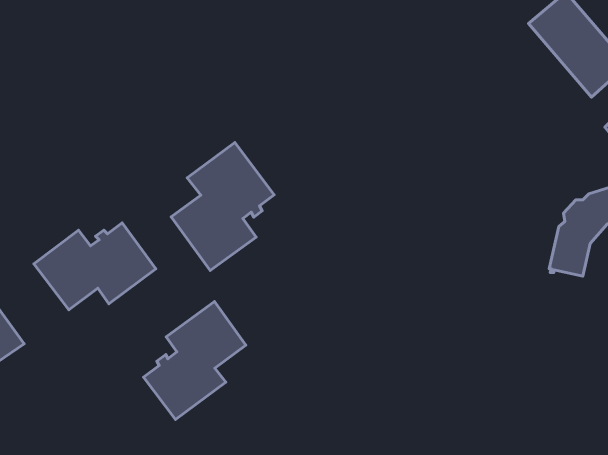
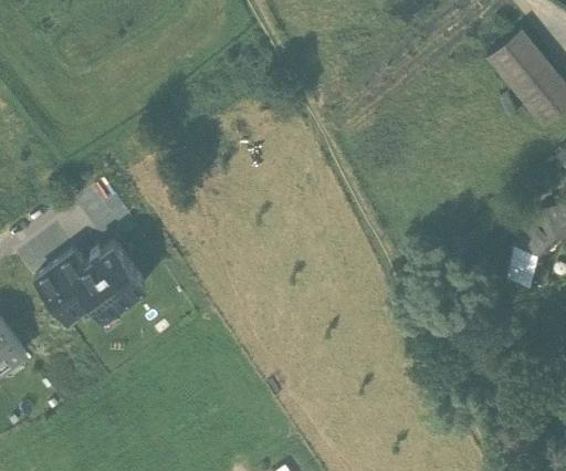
building: [171,142,274,271] -> none
building: [144,302,246,420] -> none

